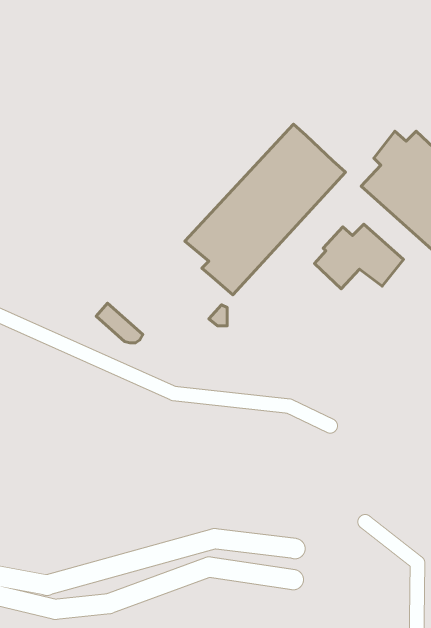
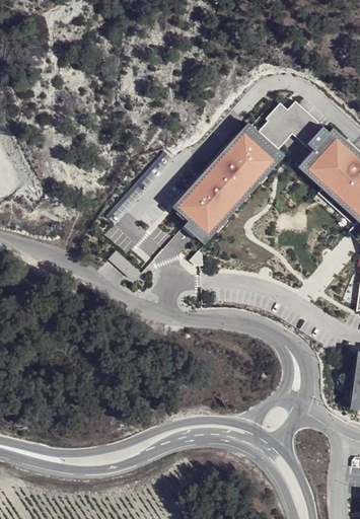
building: [315,224,403,289] -> [258,101,321,148]

